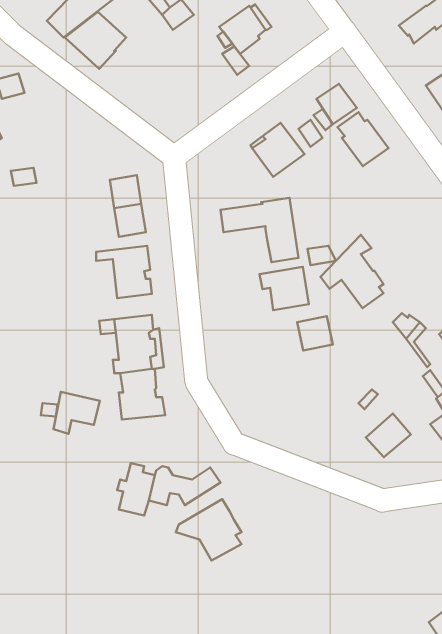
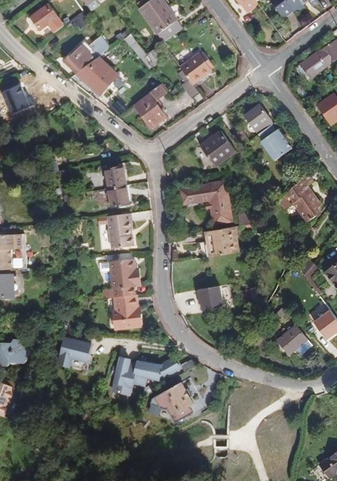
building: none -> [132,83,166,128]
building: [320,235,383,308] -> [278,172,320,221]
building: [297,316,333,351] -> [198,285,222,308]
building: [53,392,100,434] -> [61,342,92,370]

